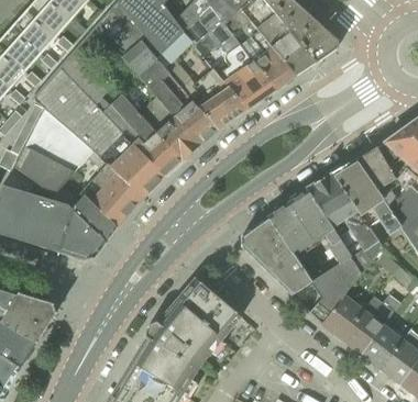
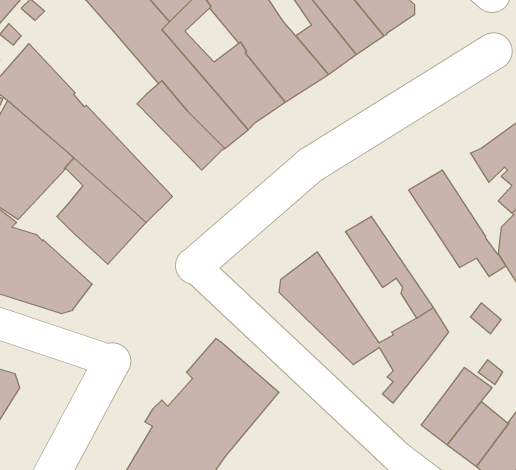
building: [102,94,185,177] -> none
building: [356,146,395,205] -> none
building: [305,172,382,273] -> none
building: [72,191,118,239] -> none
building: [267,202,321,281] -> none
building: [321,292,365,339] -> none

